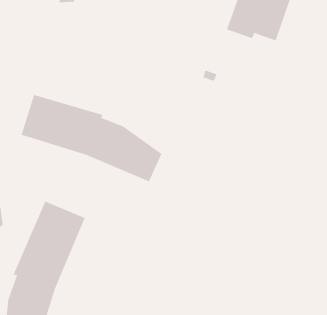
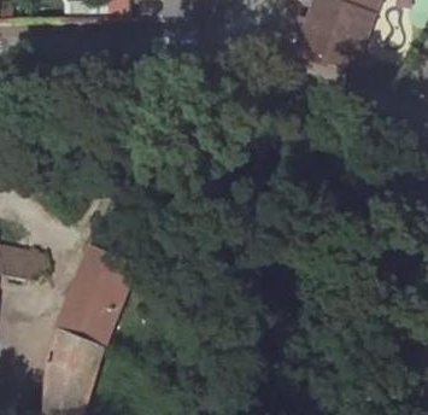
building: [21,94,162,182] -> none

